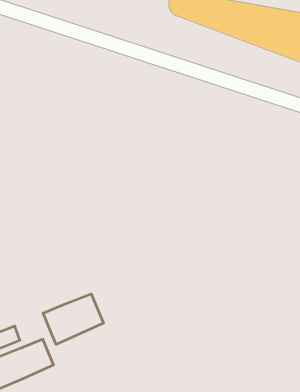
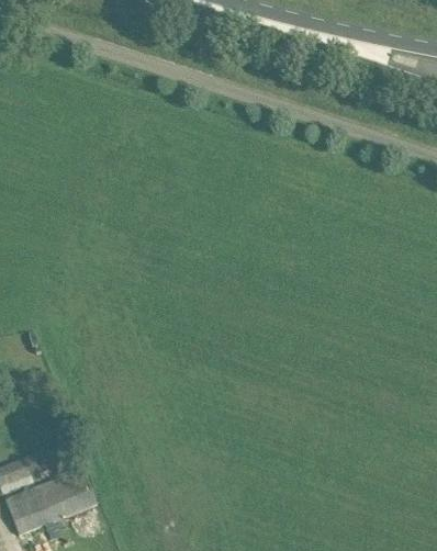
building: [43,294,103,344] -> none

